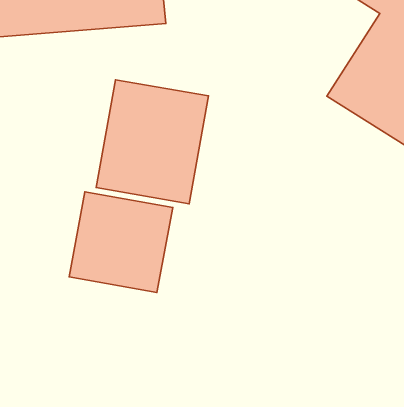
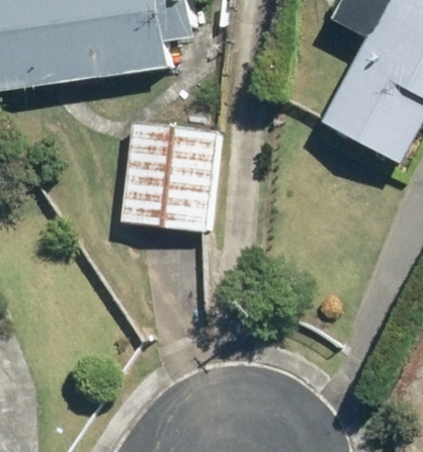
building: [69,192,173,293] -> none

